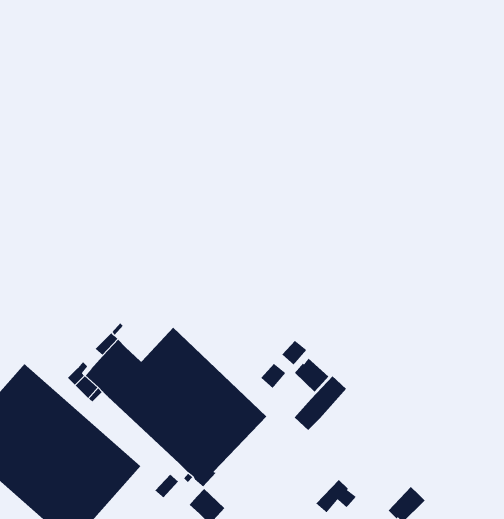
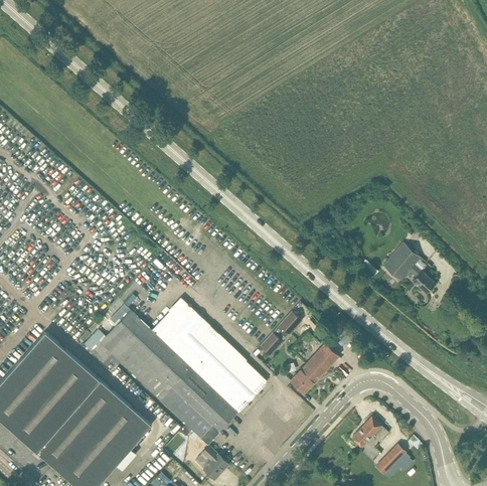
building: none -> [382,244,435,294]
building: [294,358,329,393] -> none
building: [316,479,357,513] -> [351,417,388,448]

